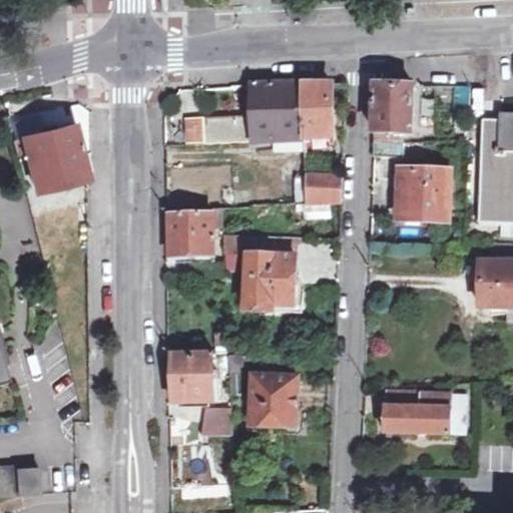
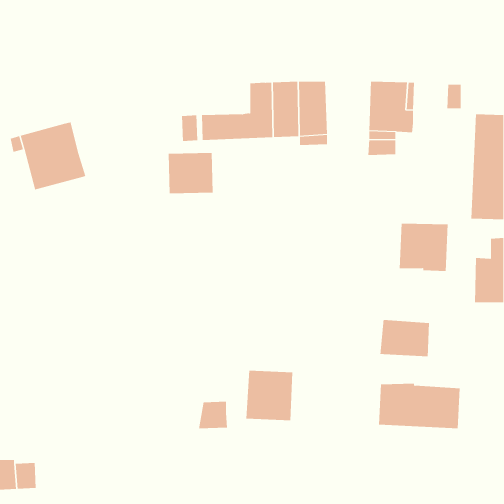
building: [399,170,449,219] -> [399,223,448,272]
building: [304,175,341,201] -> none
building: [166,213,212,255] -> [168,152,214,194]
building: [221,234,305,311] -> none
building: none -> [380,319,429,357]
building: [171,349,212,401] -> none

